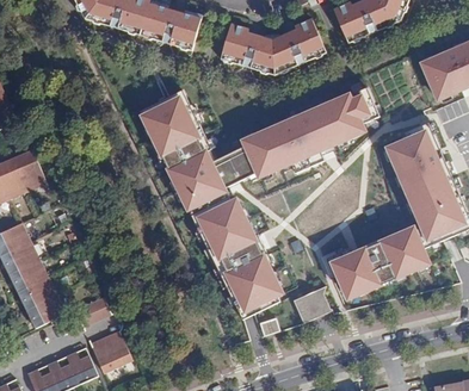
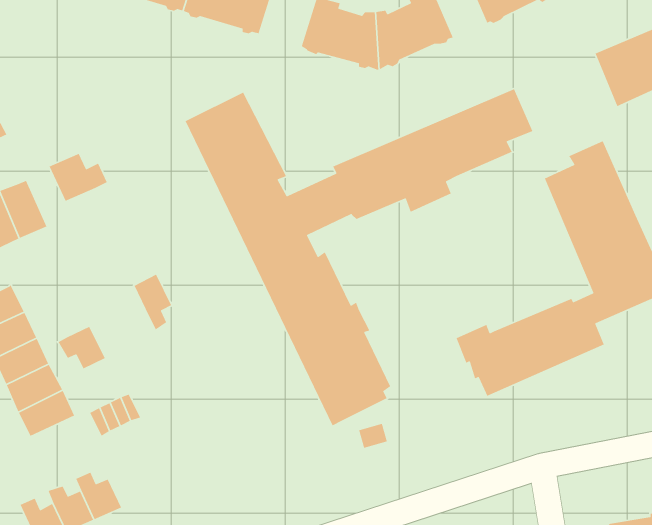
building: none -> [49,153,108,202]
building: none -> [133,273,172,330]
building: none -> [58,326,106,370]
building: [294,286,333,323] -> none
building: [91,330,132,373] -> none

